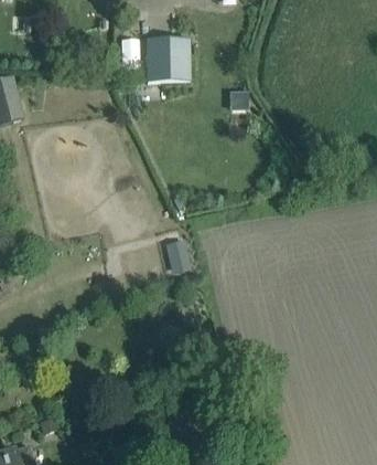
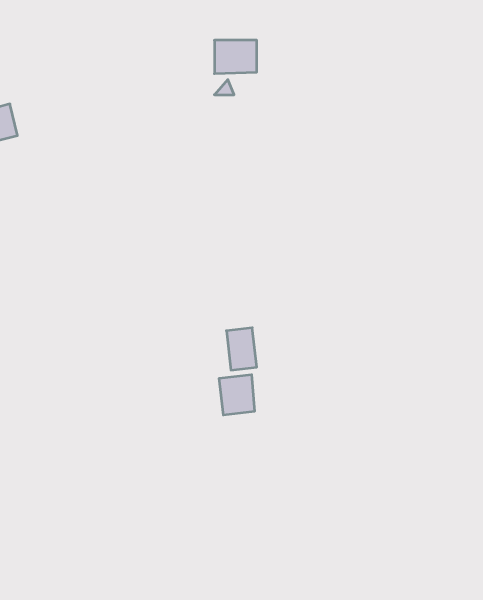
building: none -> [219,375,254,415]

